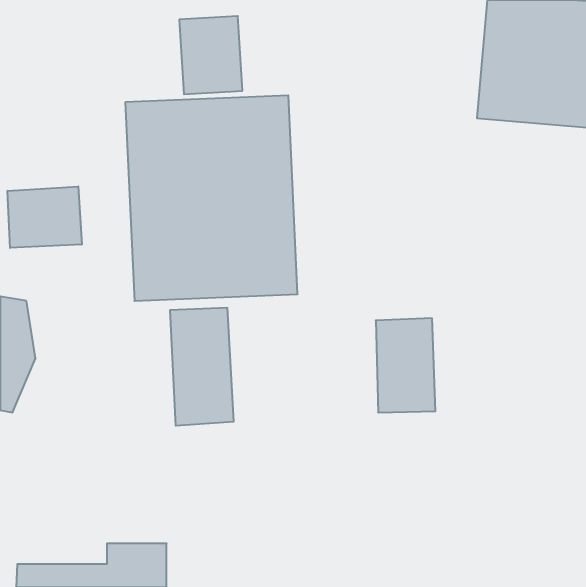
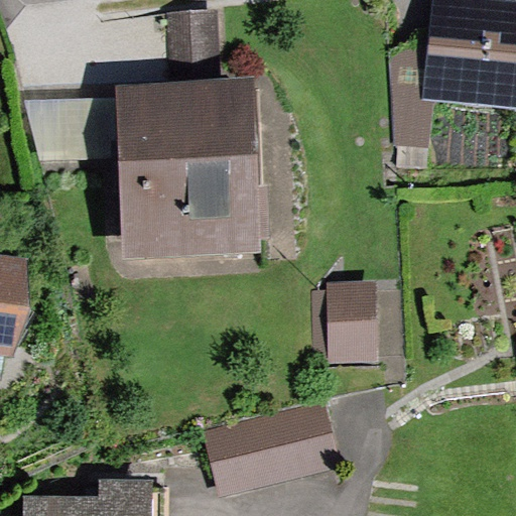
building: [8,186,82,248] -> none
building: [170,308,234,426] -> none
building: none -> [204,398,342,496]

